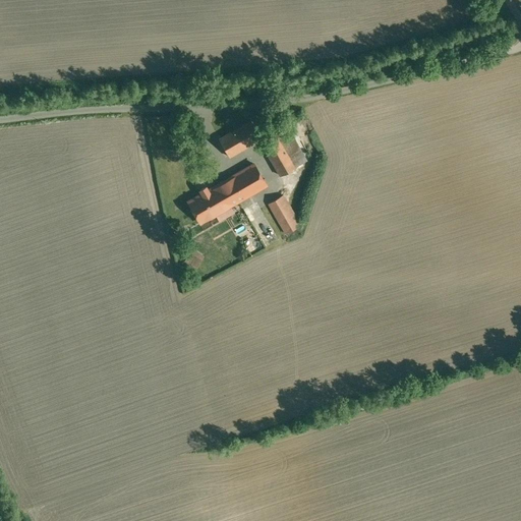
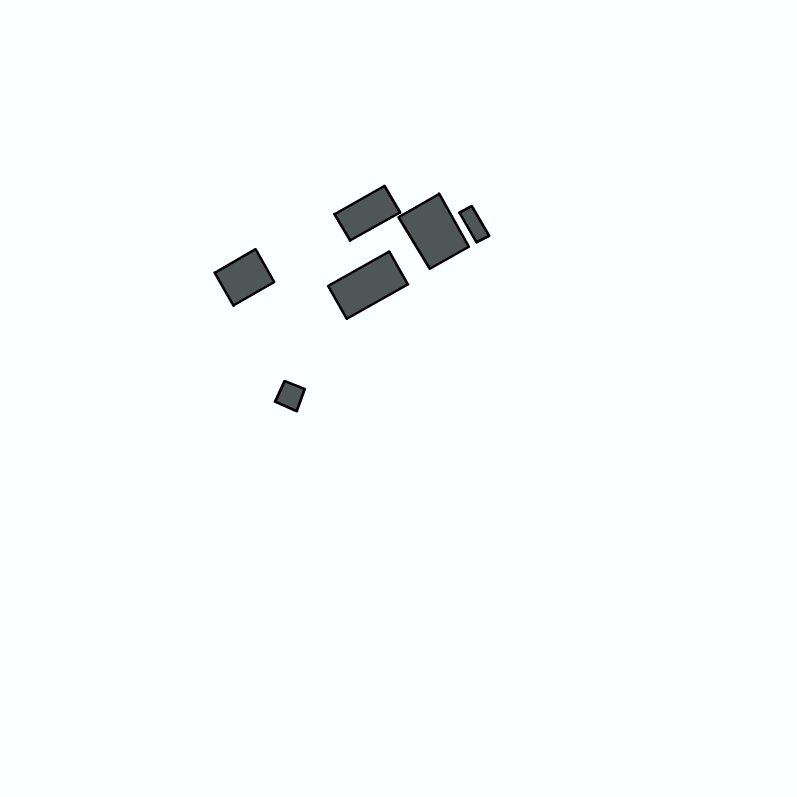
building: [187,187,226,224] -> [215,249,274,306]
building: [268,195,299,234] -> none

